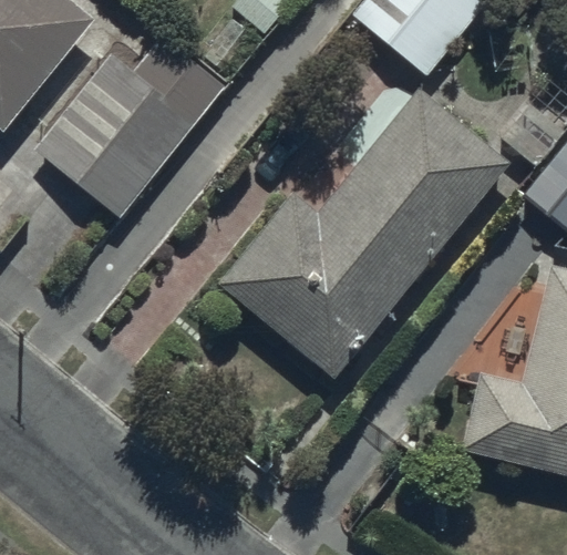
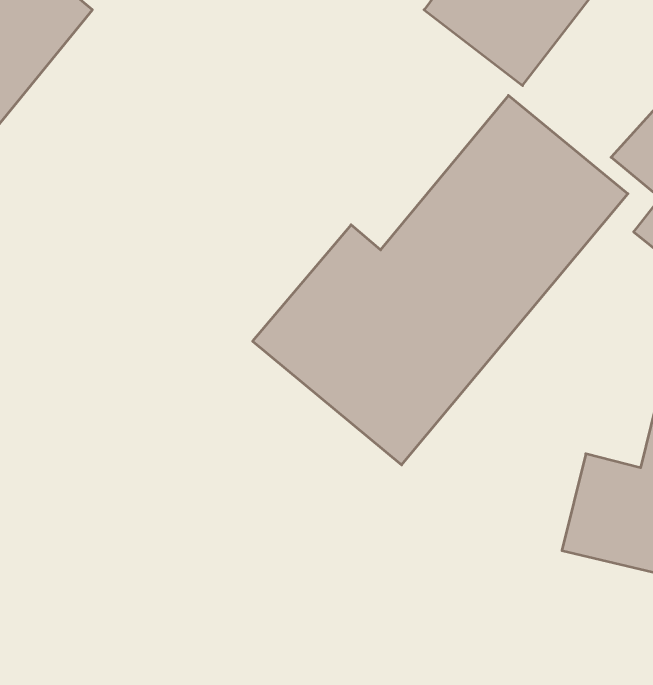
building: [35,35,224,214] -> none

